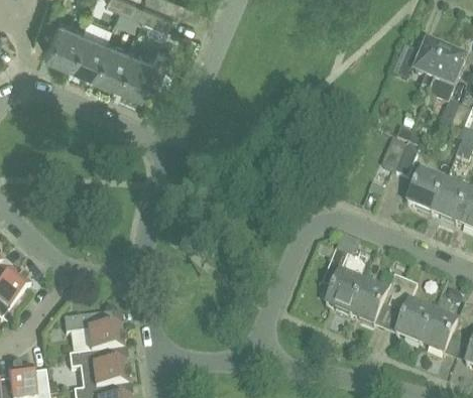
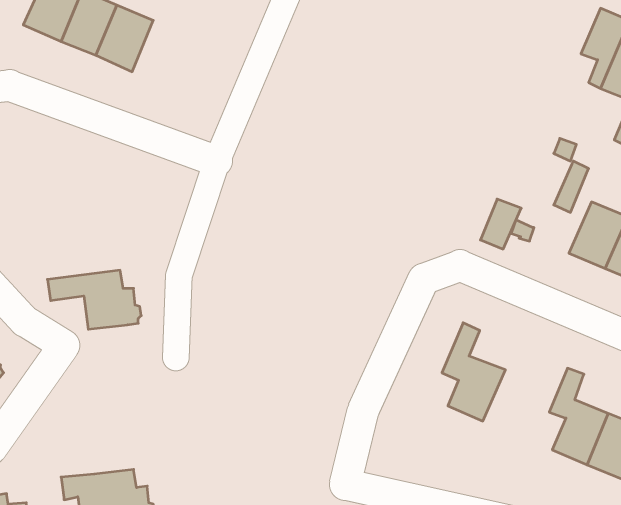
building: [116,47,169,91] -> none
building: [382,137,409,170] -> [480,199,521,249]
building: [350,274,406,324] -> none
building: [64,310,126,350] -> [47,270,141,329]

